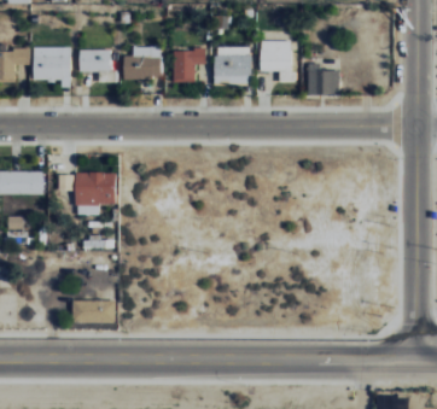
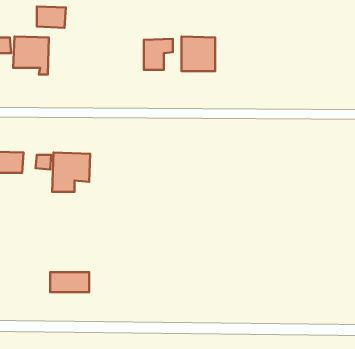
building: [260,40,296,82] -> none
building: [123,46,162,78] -> none
building: [80,48,111,71] -> [37,6,66,28]
building: [307,63,339,93] -> none

